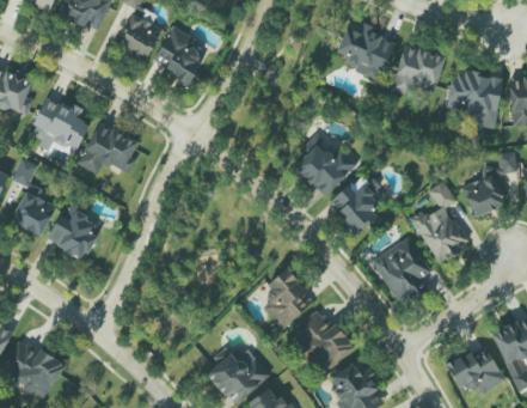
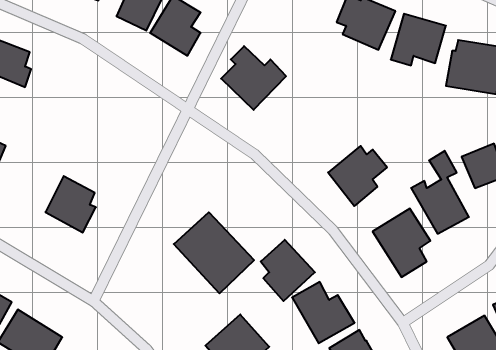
building: [29,95,88,151] -> none
building: [76,121,139,173] -> none
building: [292,134,356,197] -> [221,46,286,110]
building: [11,158,55,236] -> none
building: none -> [174,212,254,293]

